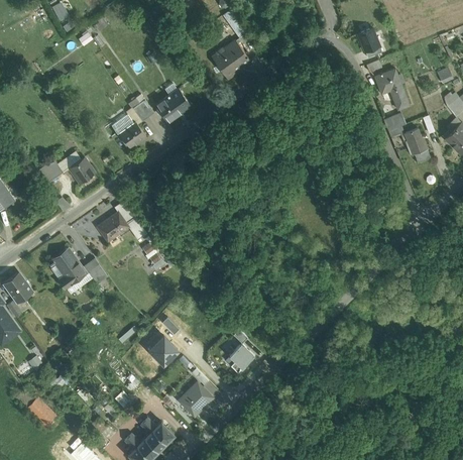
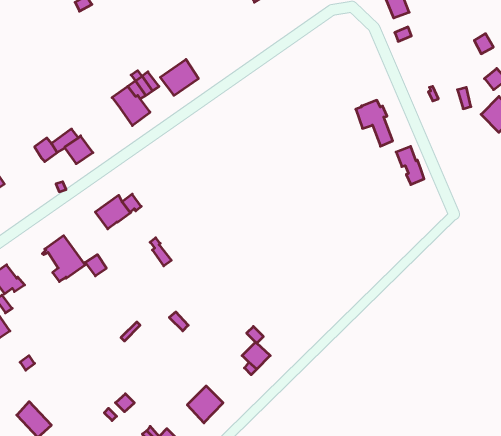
building: [215,40,250,79] -> none
building: [374,69,408,110] -> [356,100,393,146]
building: [403,128,429,162] -> [396,146,424,185]
building: [145,335,178,366] -> none

